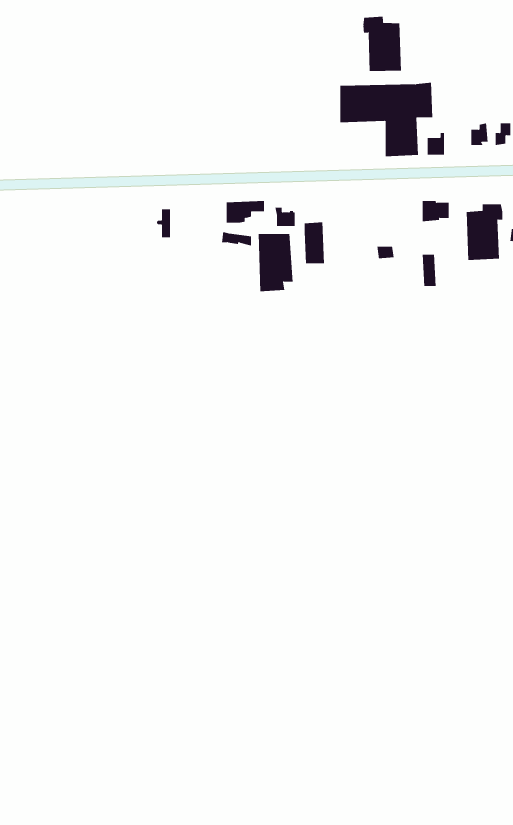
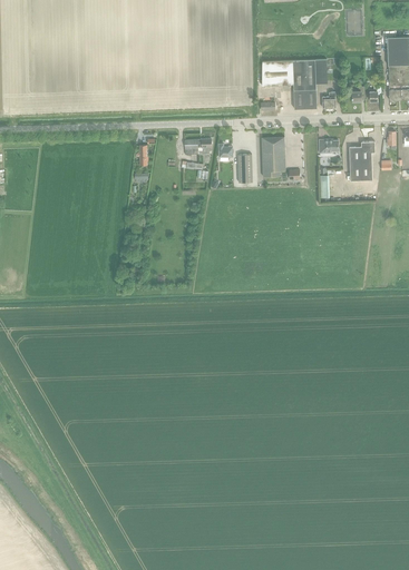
building: [363,16,401,72] -> none
building: [258,234,293,292] -> [261,136,285,176]

